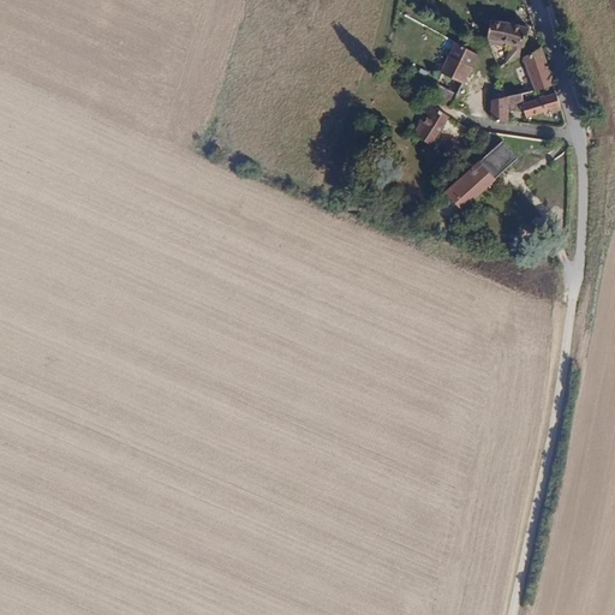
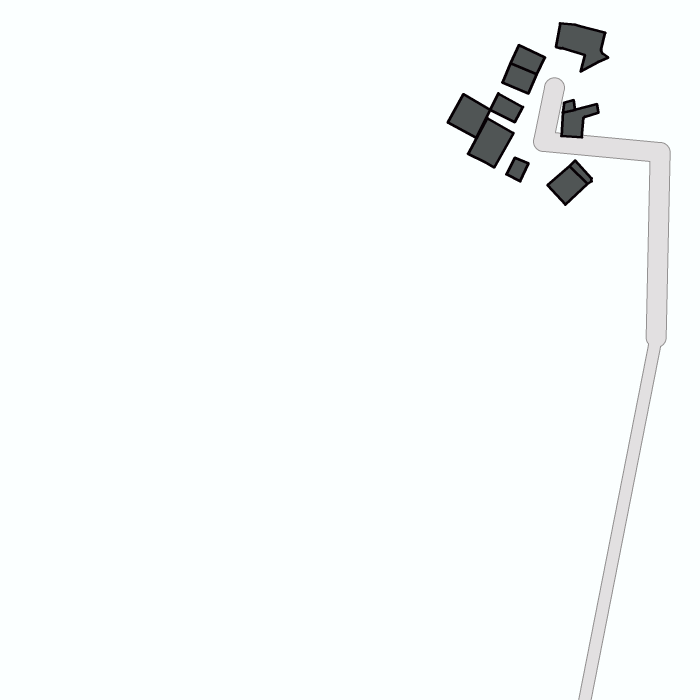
building: [524,47,553,88] -> none
building: none -> [448,94,490,138]
building: [521,92,560,115] -> none
building: [447,162,495,208] -> none

